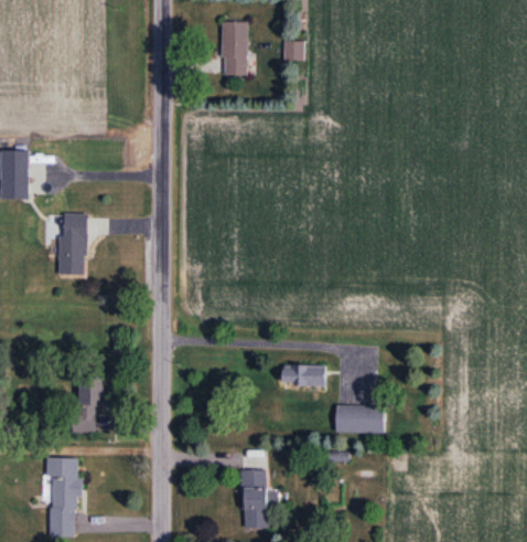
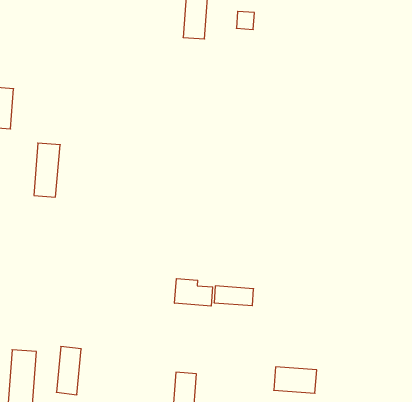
building: none -> [175,279,213,306]
building: [75,378,100,433] -> [56,347,81,395]
building: [336,405,385,433] -> [274,367,317,393]

